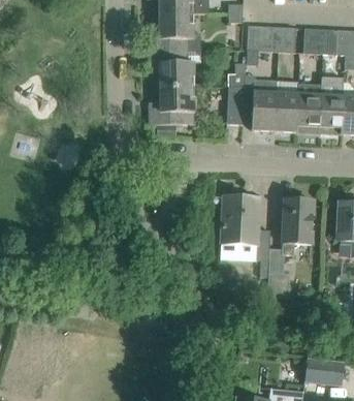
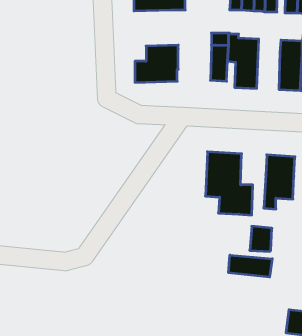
building: [149,50,194,87] -> none
building: [275,80,298,131] -> none
building: none -> [229,255,272,277]

